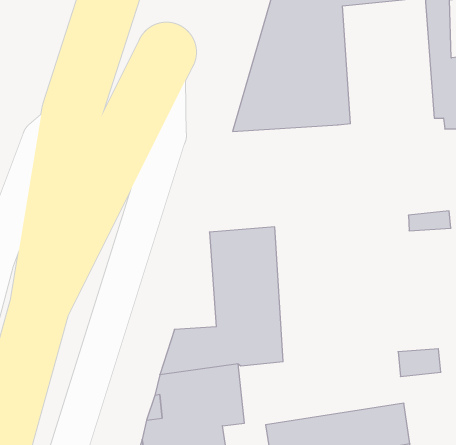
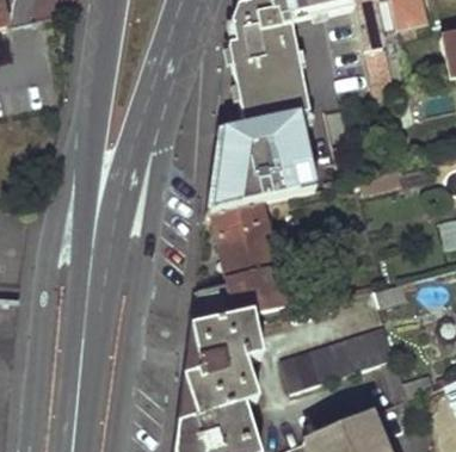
building: none -> [207,114,315,215]

